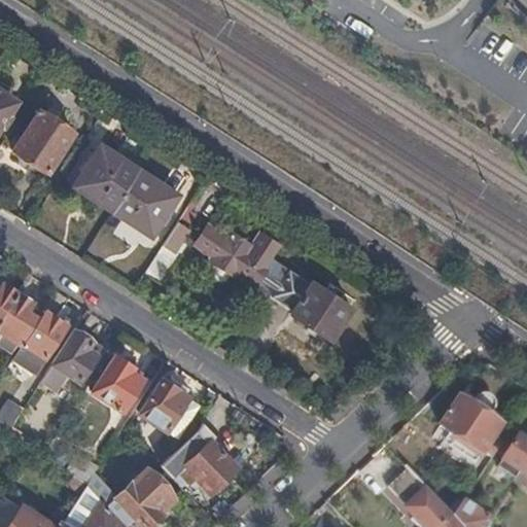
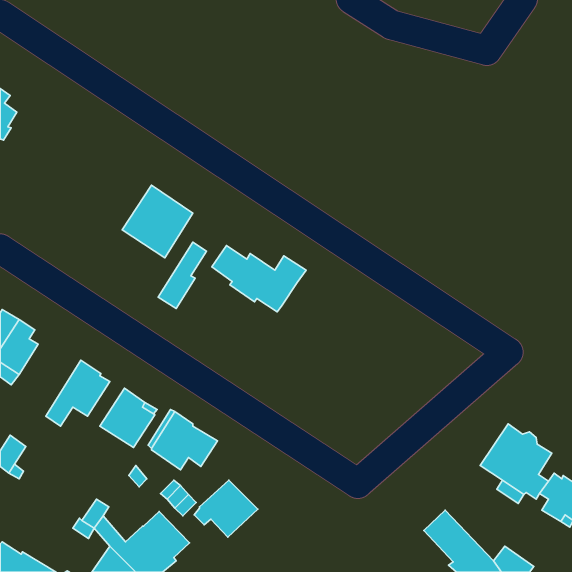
building: [15,110,75,173] -> none
building: [74,145,140,211] -> none
building: [259,259,352,340] -> none
building: [12,311,68,375] -> none

